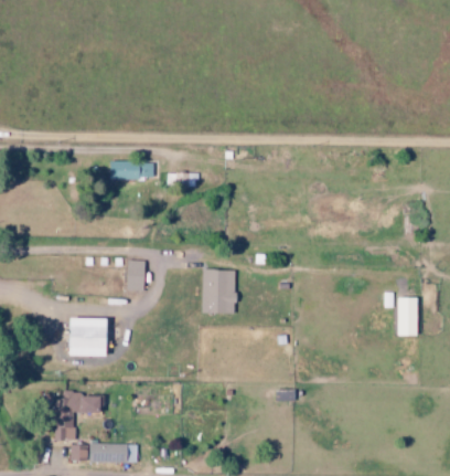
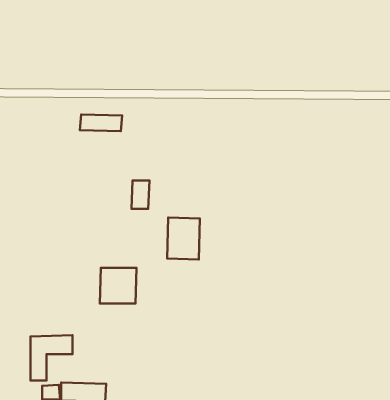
building: [126,261,144,290] -> [131,181,149,209]
building: [395,298,418,336] -> none
building: [69,318,108,356] -> [100,268,137,304]

